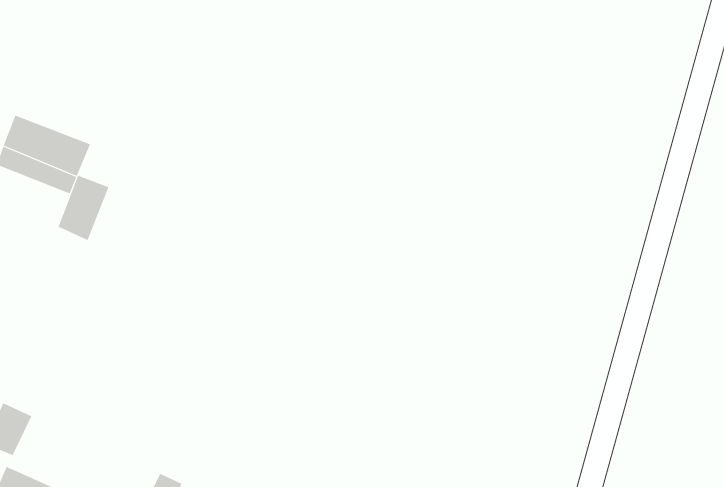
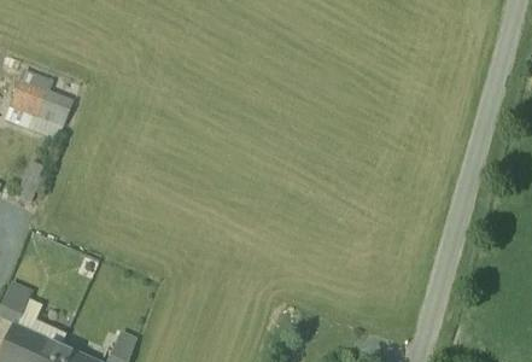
building: [58,175,109,241] -> none

